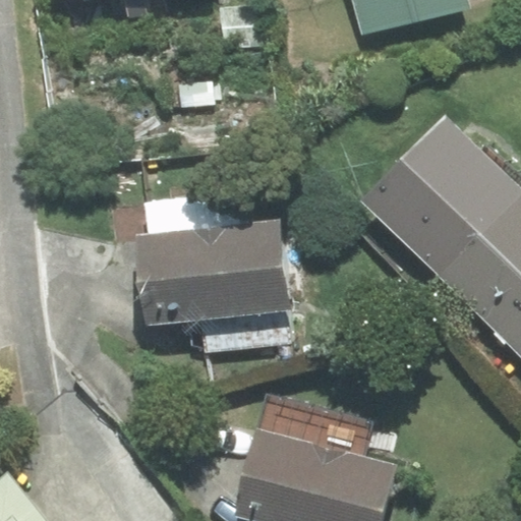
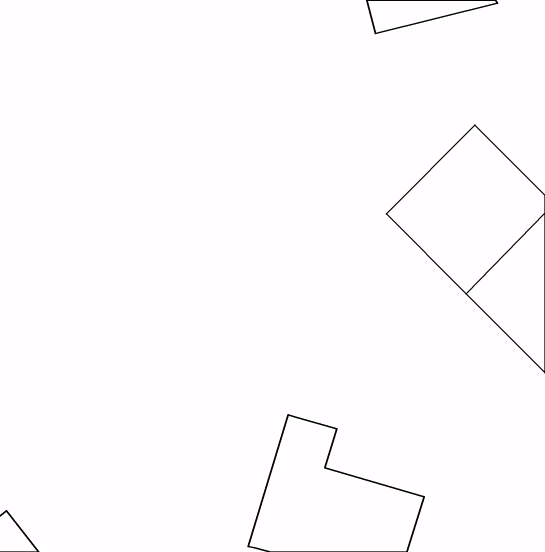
building: [138,198,294,350] -> none

